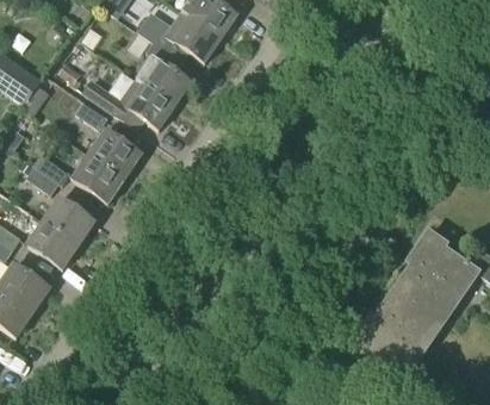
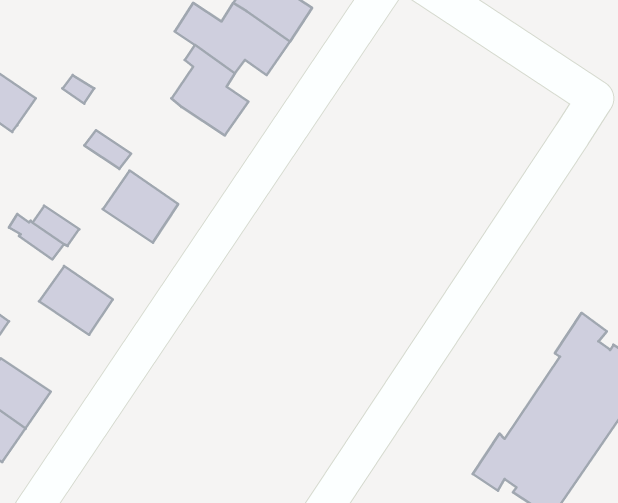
building: [83,80,174,130] -> none
building: [72,158,123,204] -> none
building: [27,224,77,270] -> none

